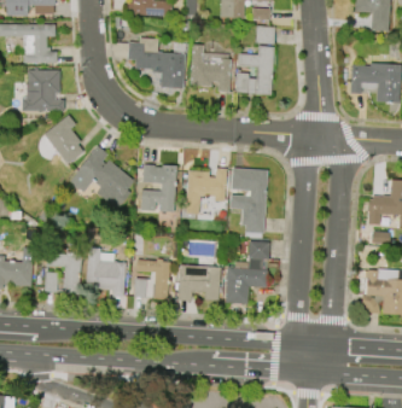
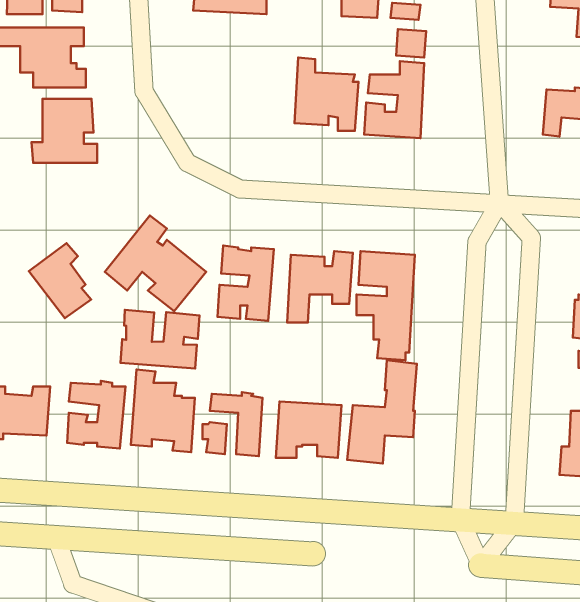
building: [128,37,186,88] -> none
building: [45,116,85,164] -> [29,243,91,318]
building: none -> [121,310,200,368]

